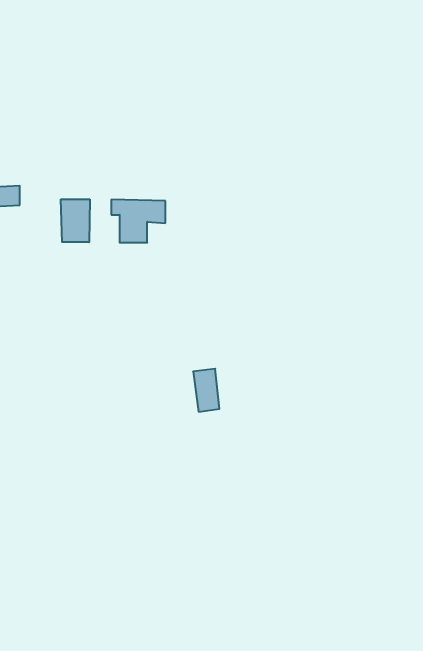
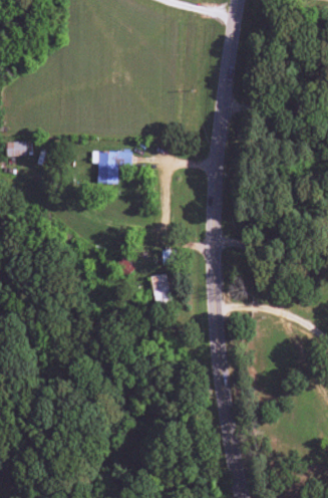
building: [61,199,90,242] -> none

